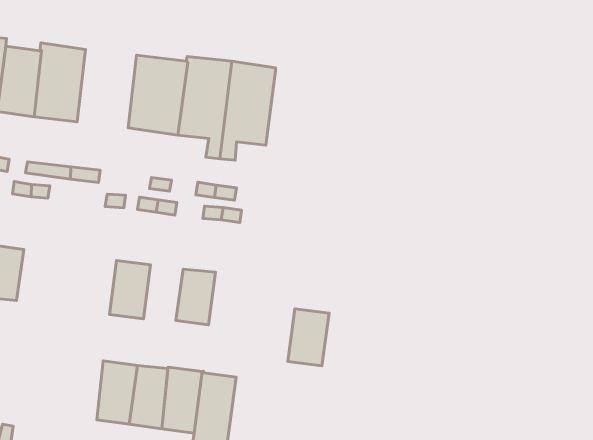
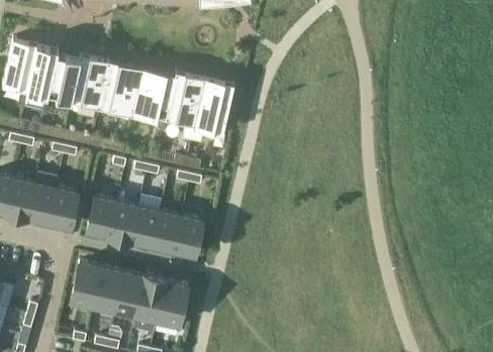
building: none -> [99,61,142,115]
building: none -> [130,195,162,245]
building: none -> [47,189,78,227]
building: none -> [87,197,116,237]
building: [288,309,329,366] -> [173,216,203,255]
building: none -> [71,262,101,306]

